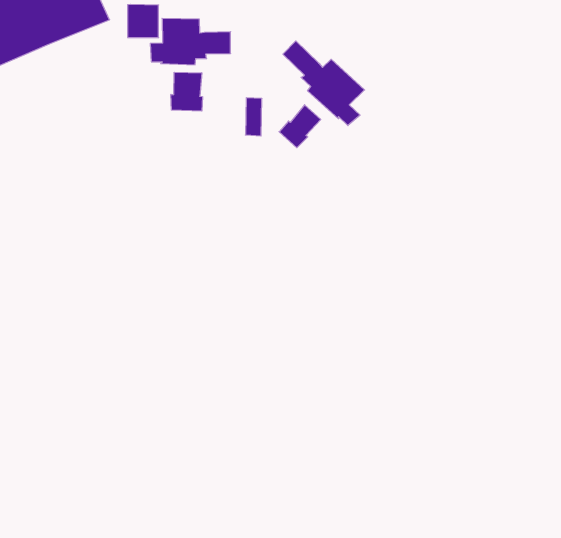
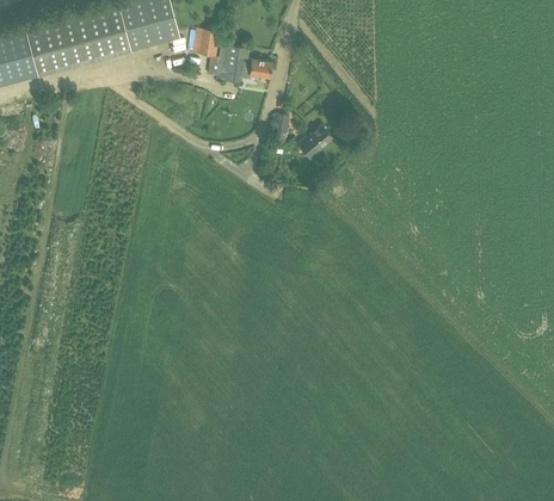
building: [283,41,365,126] -> none
building: [171,72,202,111] -> none

